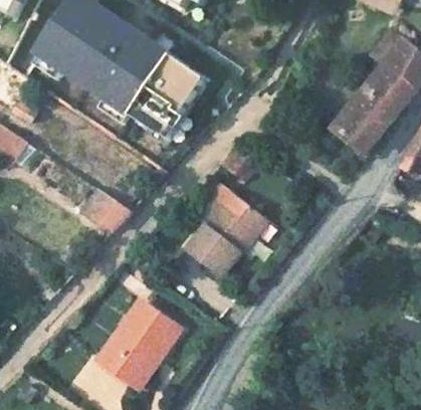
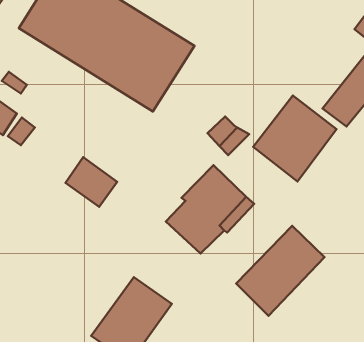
building: none -> [253,96,337,182]
building: none -> [236,226,324,316]

